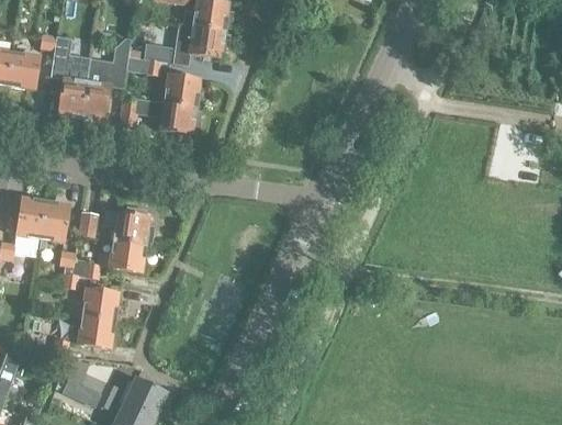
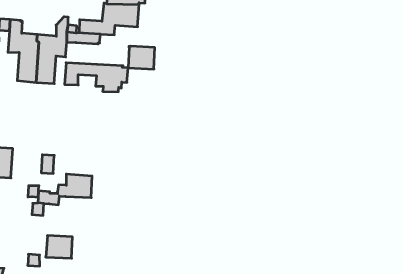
building: [162,74,199,105] -> [128,46,155,69]
building: [40,200,69,241] -> none
building: [103,205,155,244] -> none
building: [80,287,116,320] -> none

